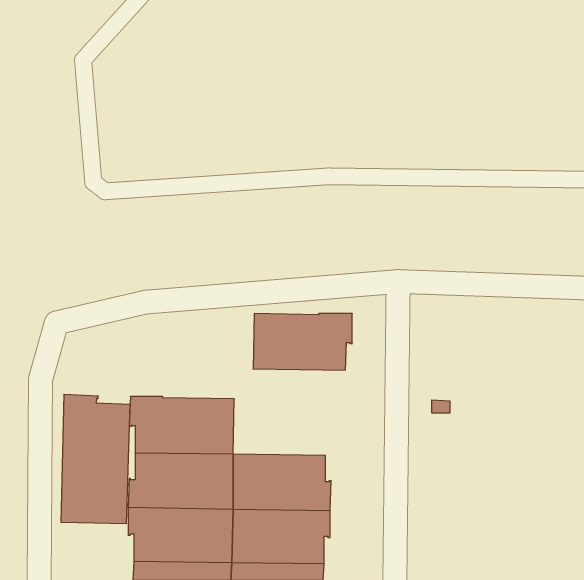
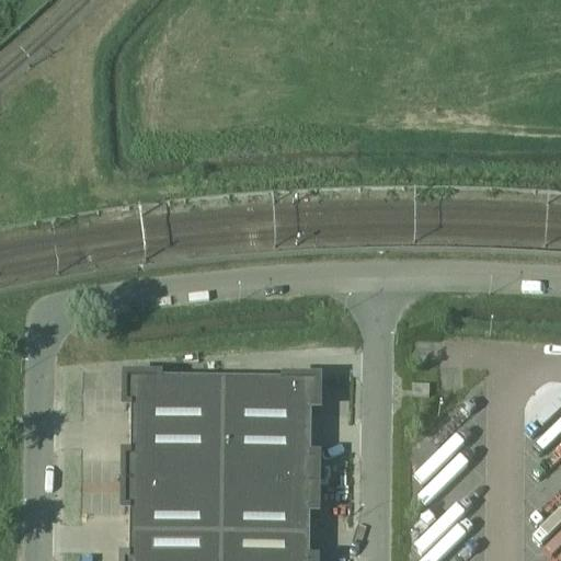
building: [253,314,352,370] -> [227,379,321,433]
building: [61,394,130,524] -> none

